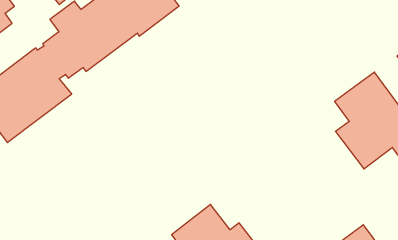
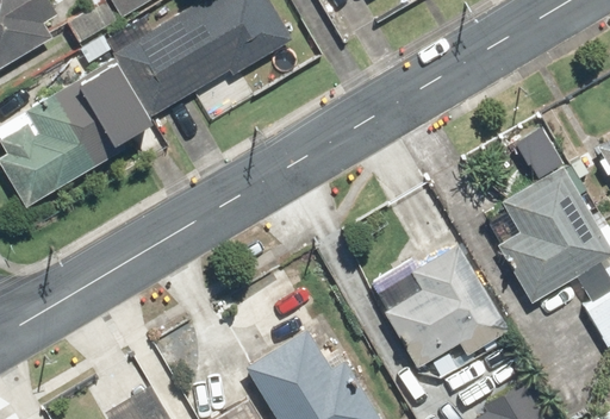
building: none -> [384,243,510,367]

